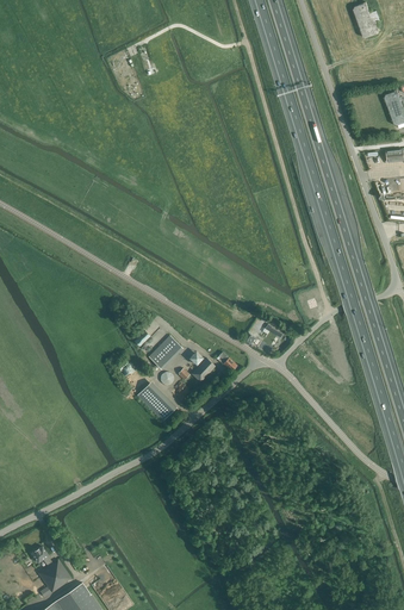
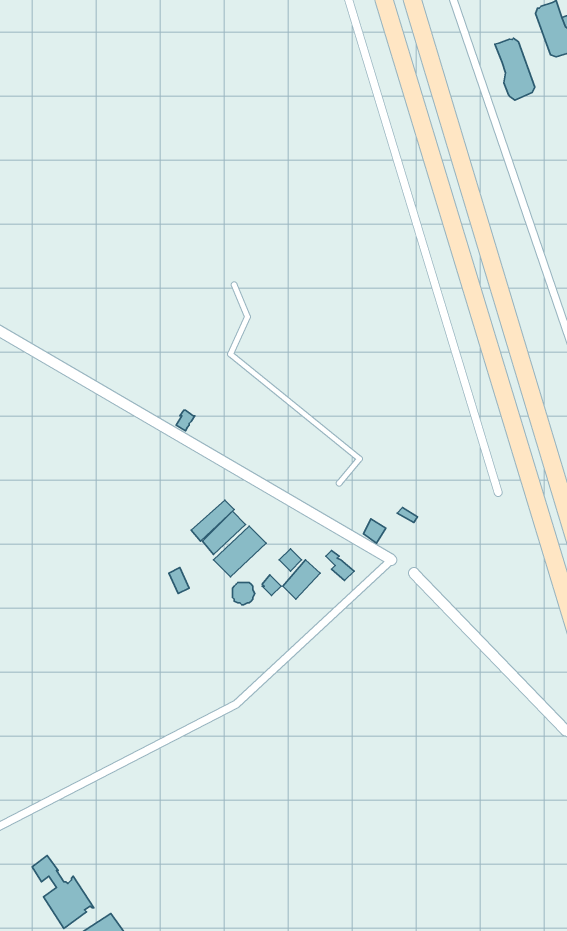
building: none -> [495,38,535,100]
building: [138,381,178,421] -> none

